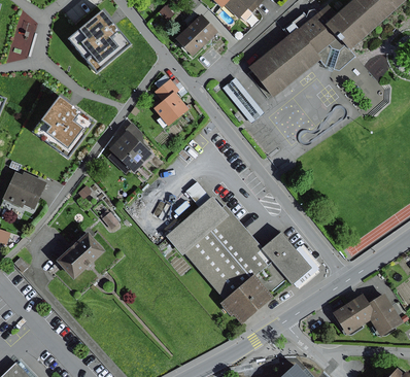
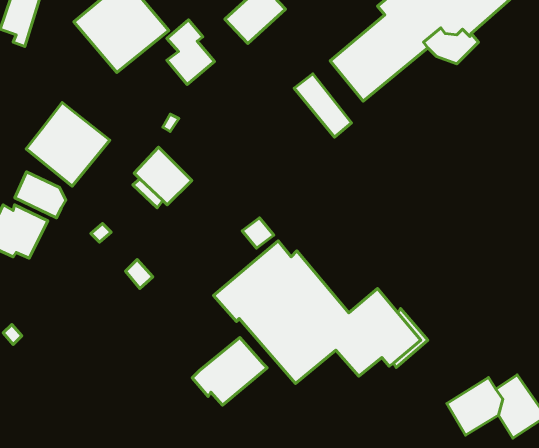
building: [153,78,187,125] -> [167,20,214,84]
building: none -> [15,172,66,218]
building: [55,232,104,279] -> none
building: [218,275,272,323] -> [192,337,267,405]

